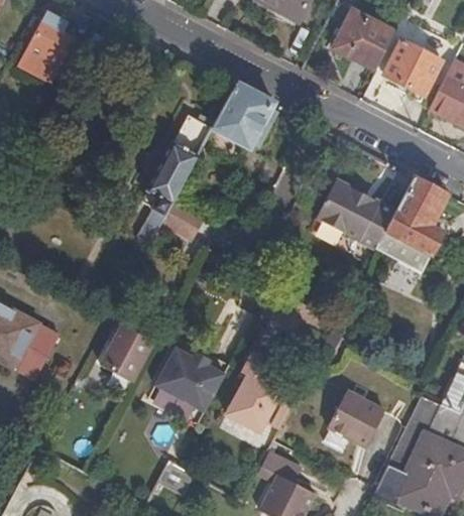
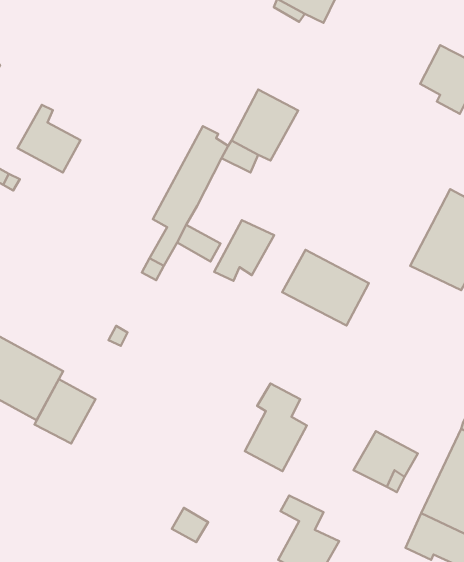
building: [333,13,394,72] -> none
building: [26,15,84,77] -> [17,105,81,172]
building: [318,173,396,242] -> [282,250,369,325]
building: none -> [214,220,274,281]
building: [103,322,158,381] -> [34,379,95,443]
building: [154,347,226,411] -> none

